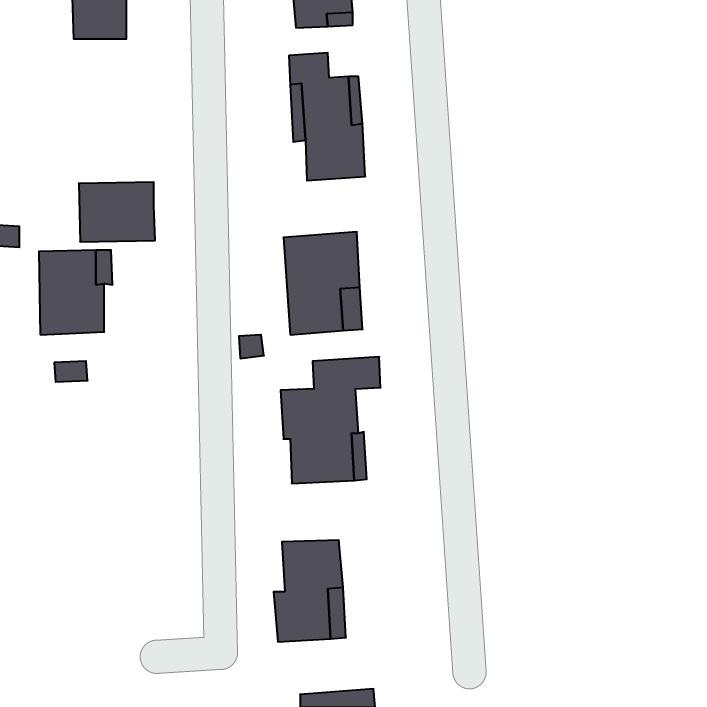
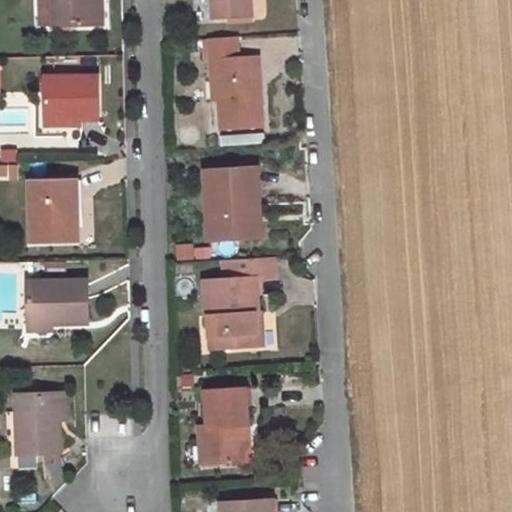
building: [79,182,155,242] -> [43,79,98,122]
building: none -> [27,280,88,324]
building: none -> [14,391,59,450]

